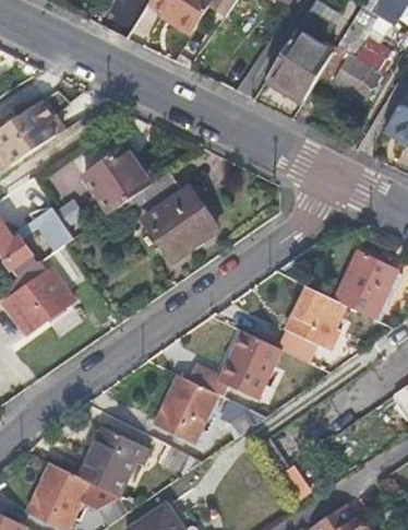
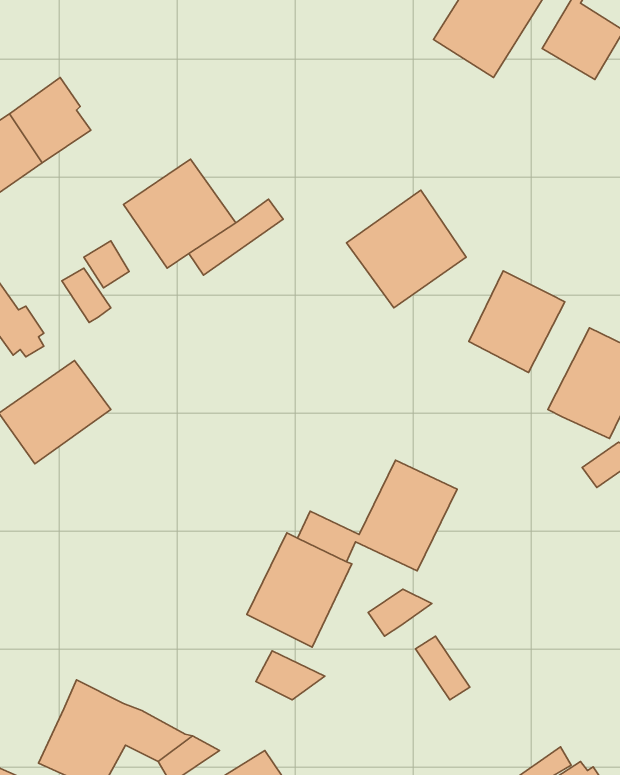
building: [144,188,216,259] -> [347,190,466,308]
building: [286,286,344,348] -> [469,271,565,372]
building: [80,428,141,496] -> none

